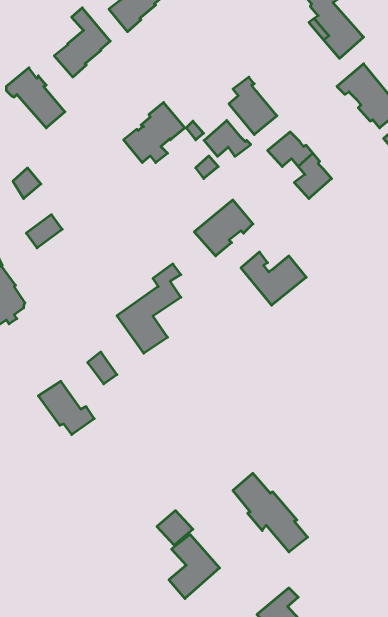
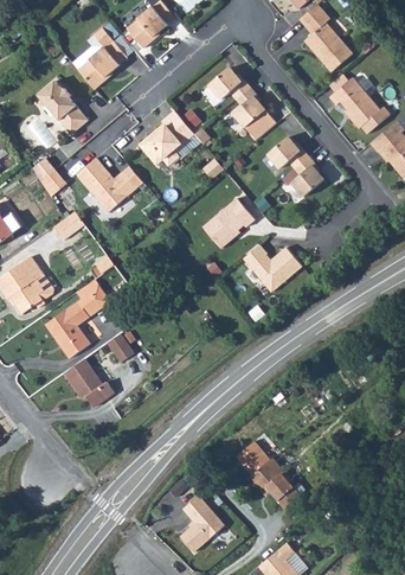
building: [204,120,251,156] -> [208,68,250,100]
building: none -> [76,158,135,212]
building: [117,264,181,353] -> [44,279,101,358]

